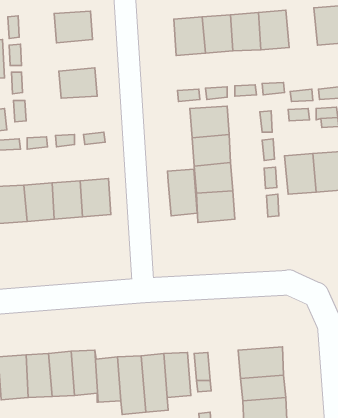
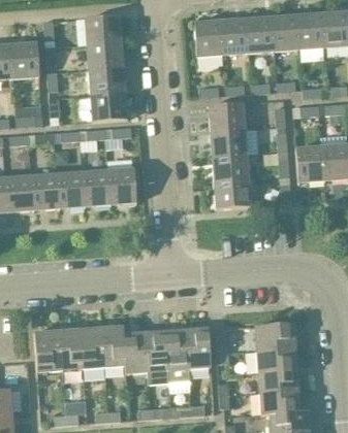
building: none -> [296,13,325,49]
building: none -> [87,42,122,71]
building: none -> [91,94,126,123]
building: [167,169,197,216] -> none

